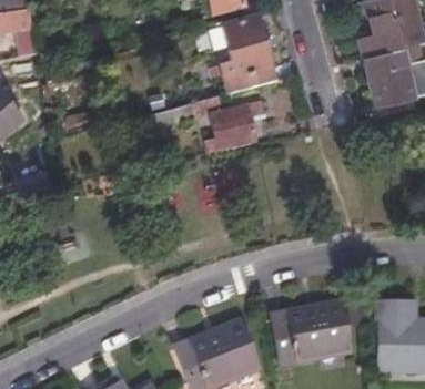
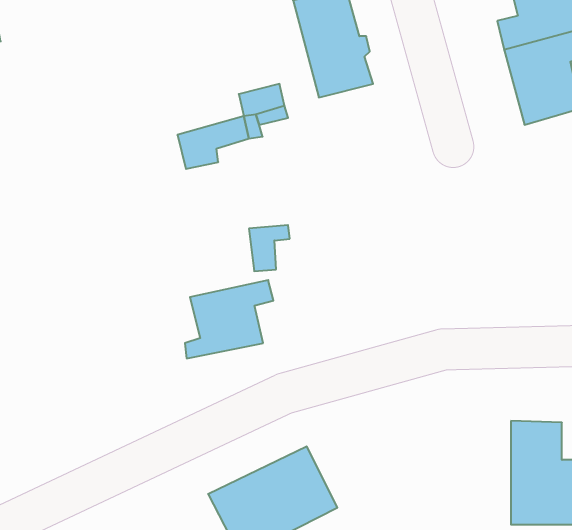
building: [210,101,267,152] -> [185,280,273,358]
building: [267,301,346,359] -> none

